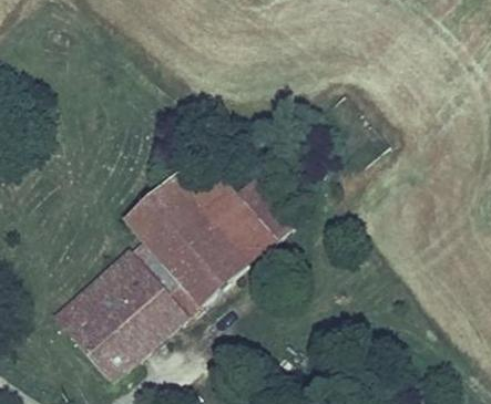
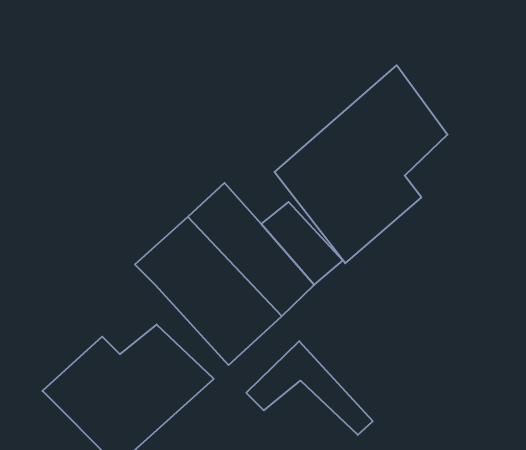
building: none -> [274,65,448,263]
building: [100,237,203,313] -> [246,341,373,435]

